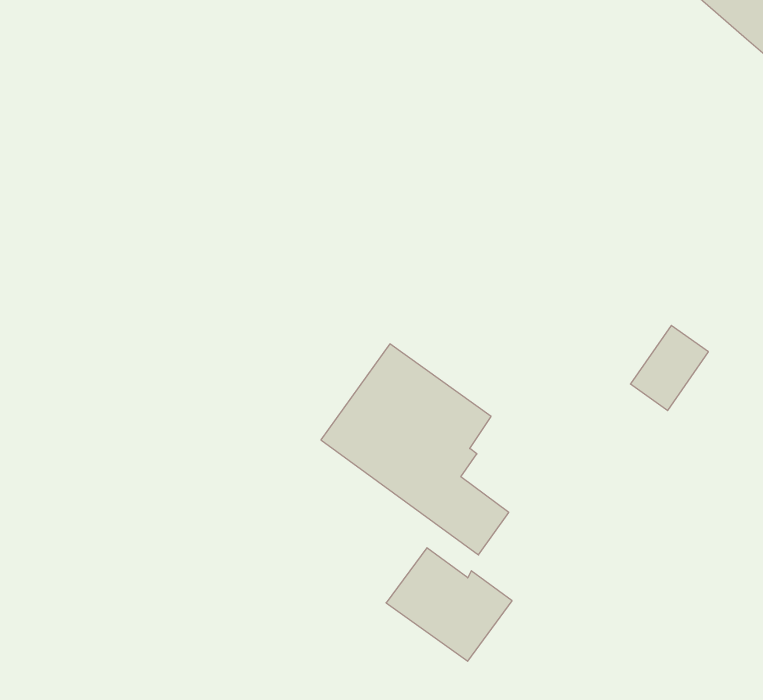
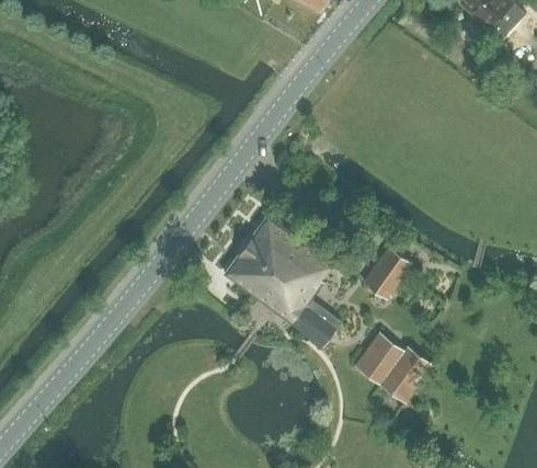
building: [630,325,708,411] -> [363,247,411,299]
building: [386,548,512,661] -> [354,332,432,402]

